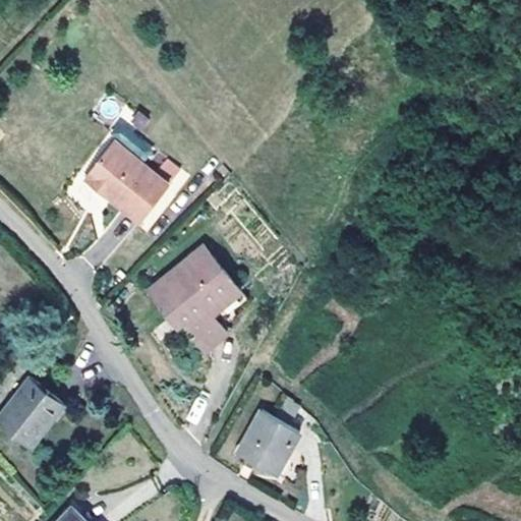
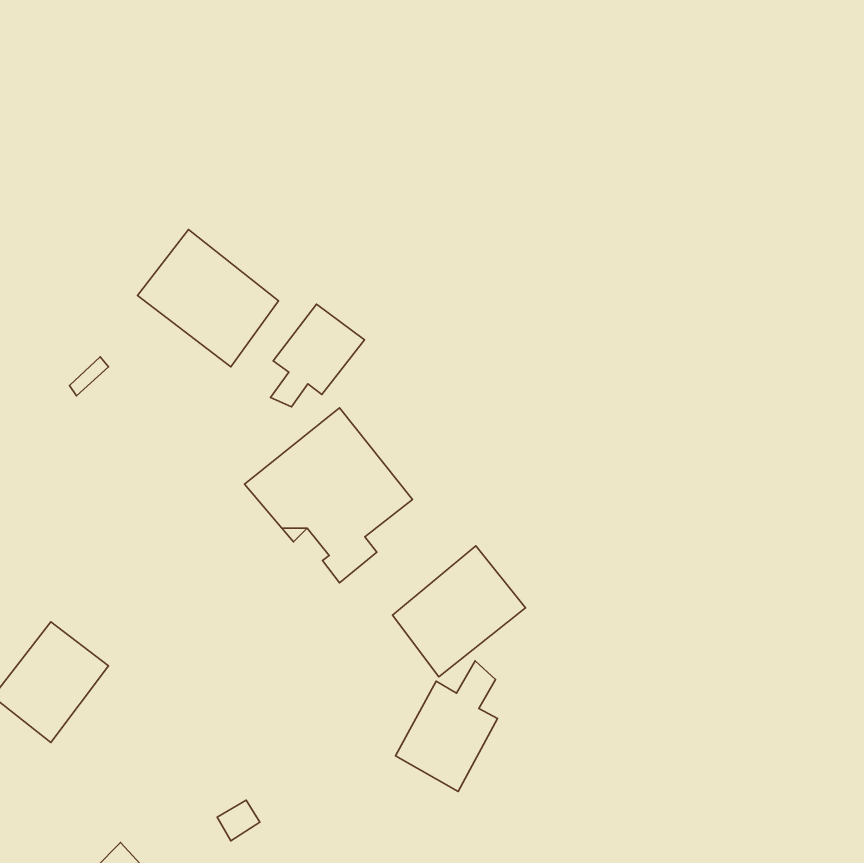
building: none -> [270,304,365,407]
building: none -> [392,546,526,677]

